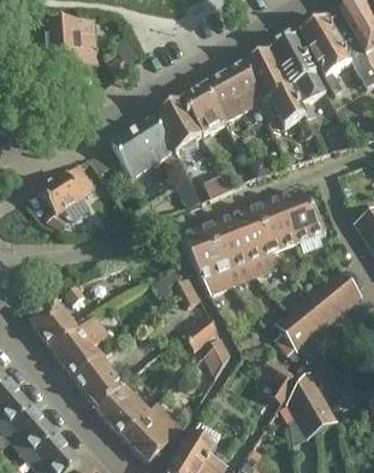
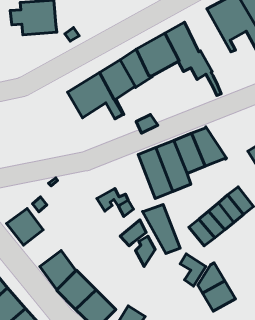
building: [268,32,325,120] -> none
building: [38,164,94,230] -> none
building: [178,226,228,292] -> [143,204,180,254]
building: [52,317,109,377] -> none

